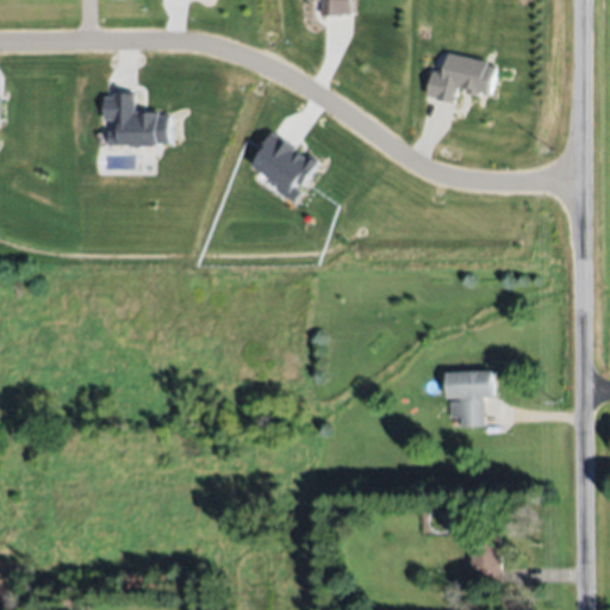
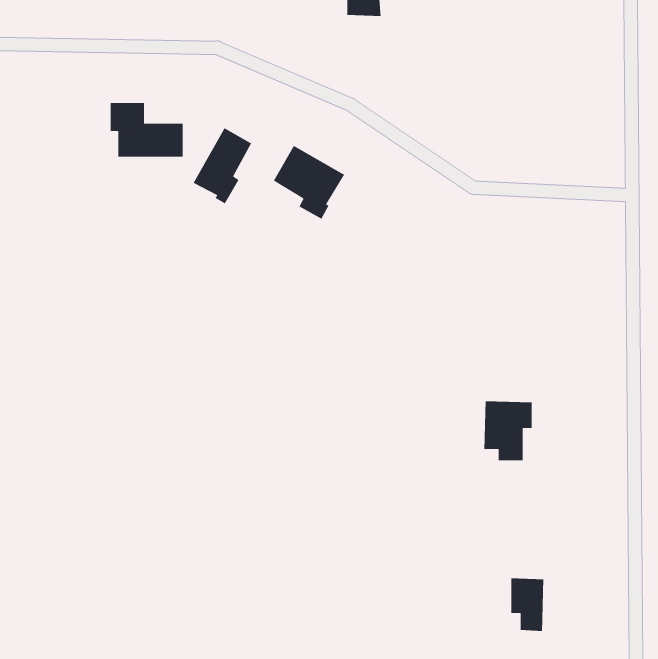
building: [425,54,494,102] -> none
building: none -> [192,127,252,205]

